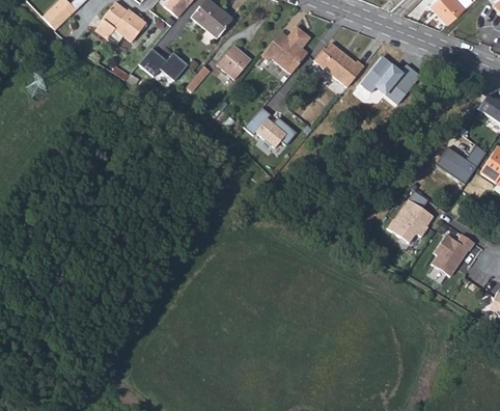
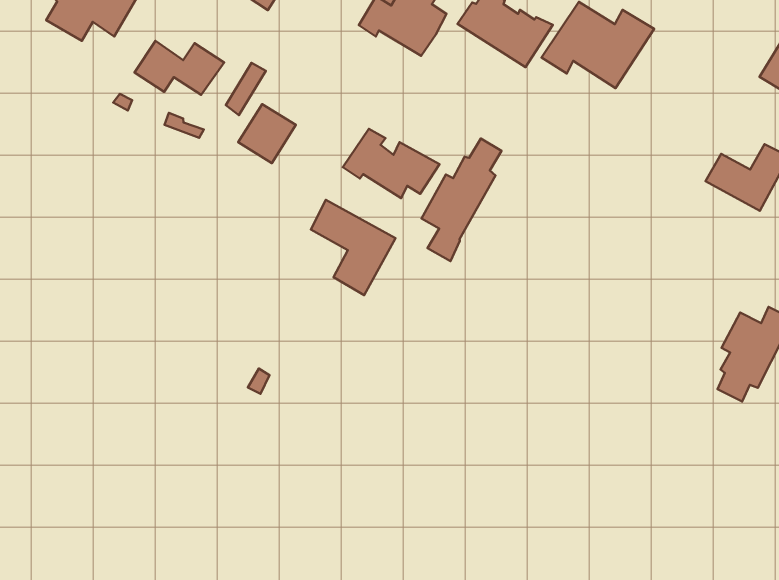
building: [218,46,250,78] -> [238,104,296,163]
building: none -> [422,138,502,261]
building: none -> [311,200,396,295]
building: [389,189,435,242] -> none

